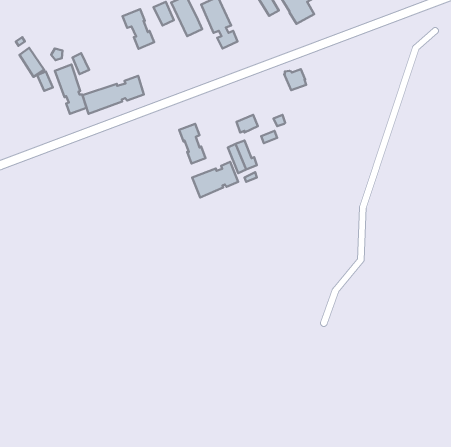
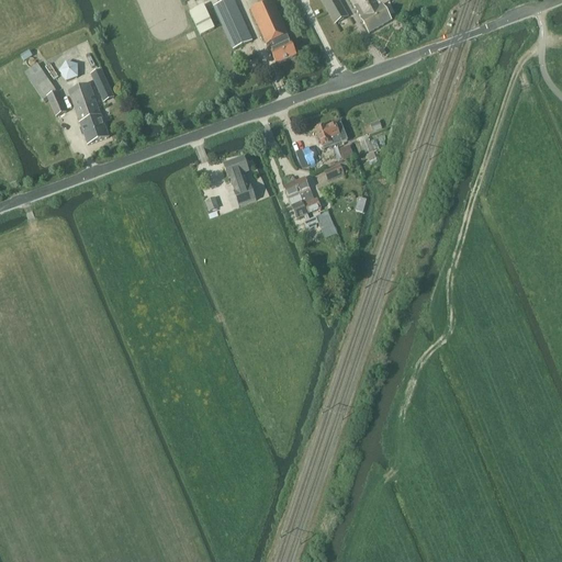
building: [123,9,154,49] -> none
building: [284,69,306,90] -> [315,120,342,146]
building: [83,76,144,114] -> none
building: [192,162,238,198] -> none

